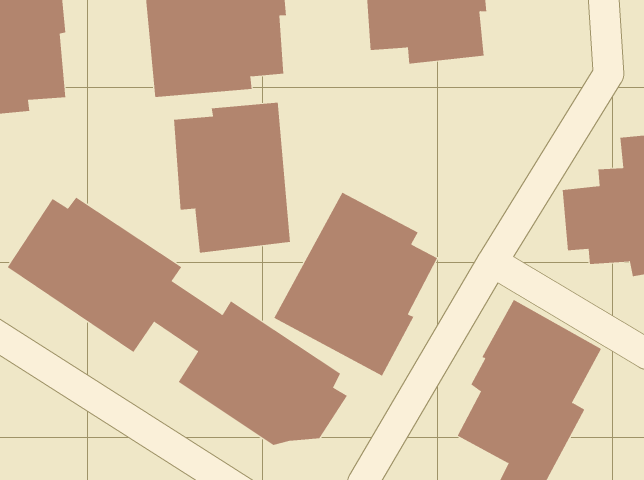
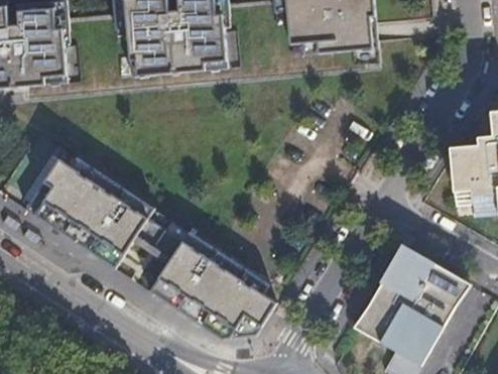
building: [173,102,290,254] -> none
building: [274,192,438,376] -> none

